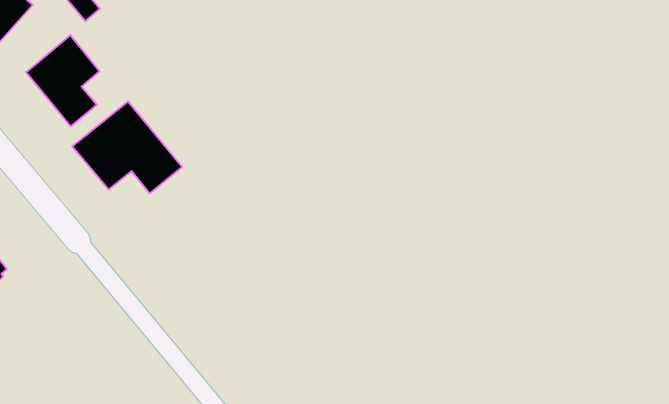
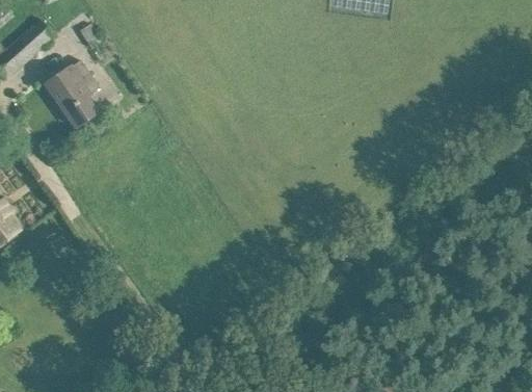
building: [72,101,182,193] -> none

